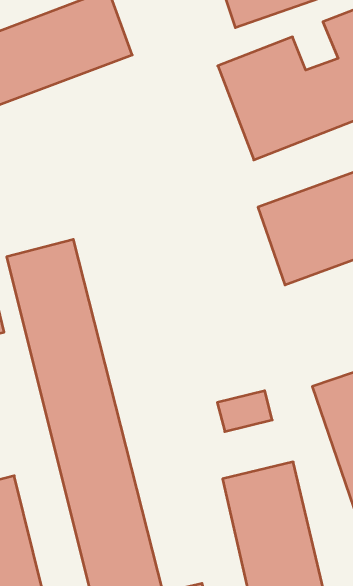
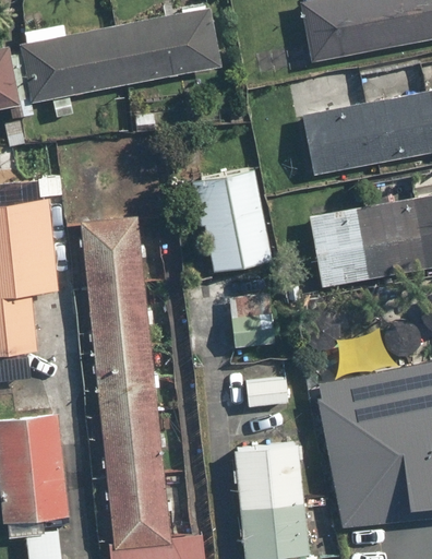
building: none -> [204,174,264,270]
building: none -> [230,294,276,352]

